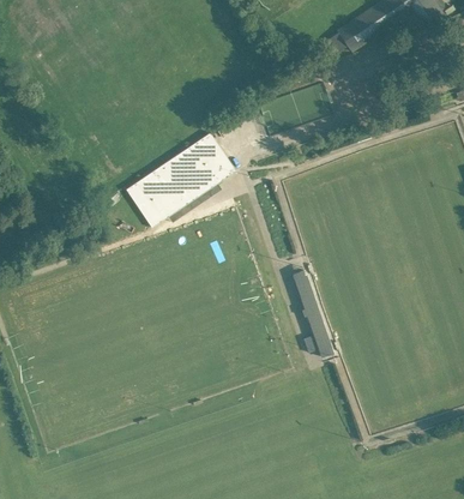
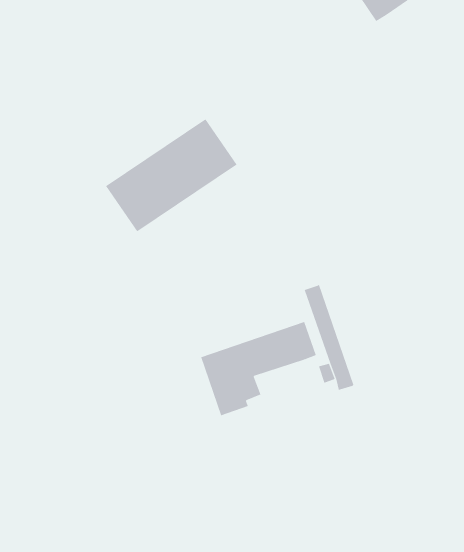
building: none -> [201,321,316,416]

